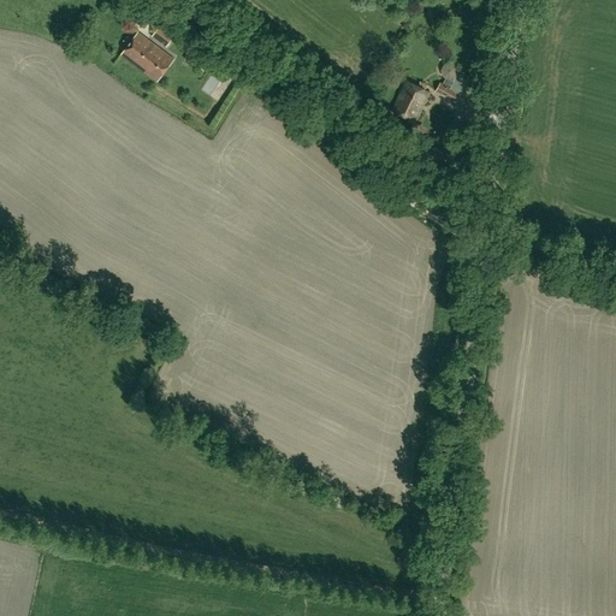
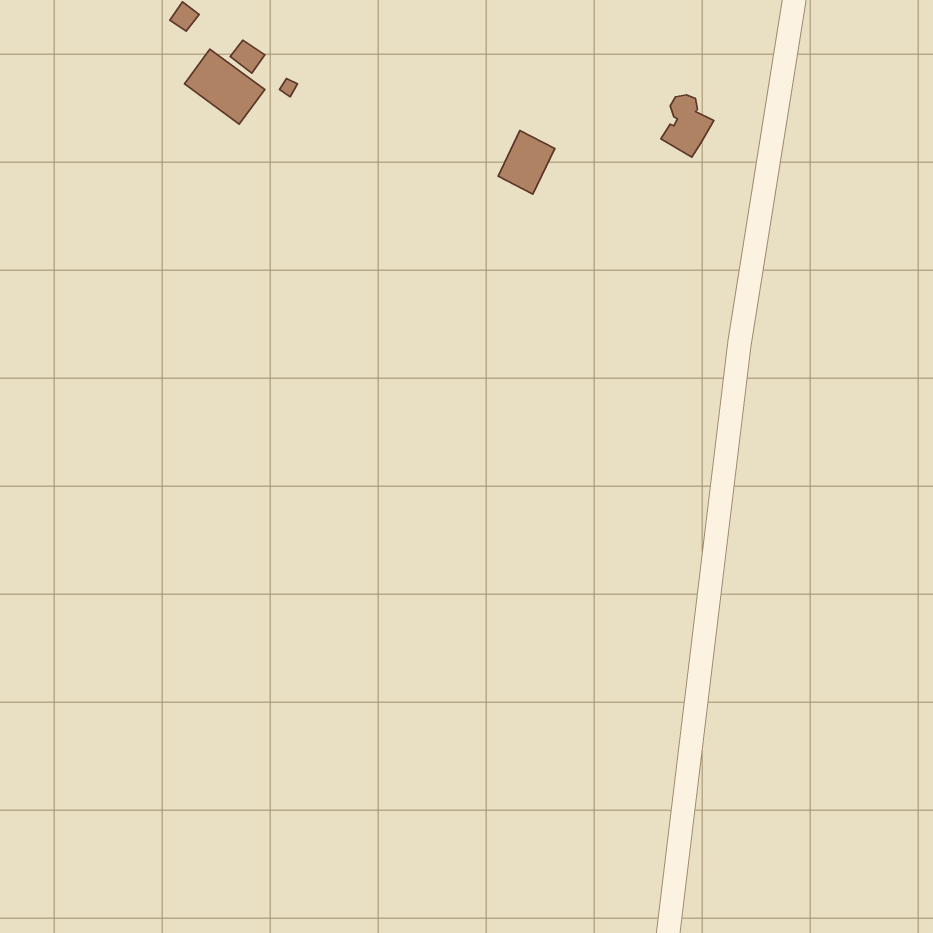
building: [392,78,430,120] -> [498,130,555,194]

